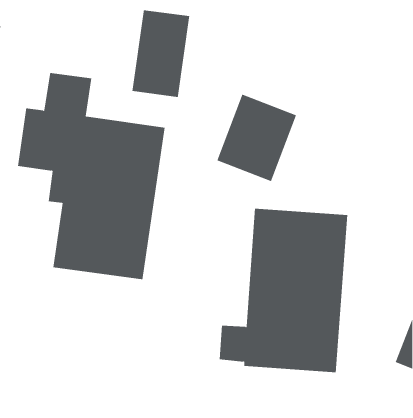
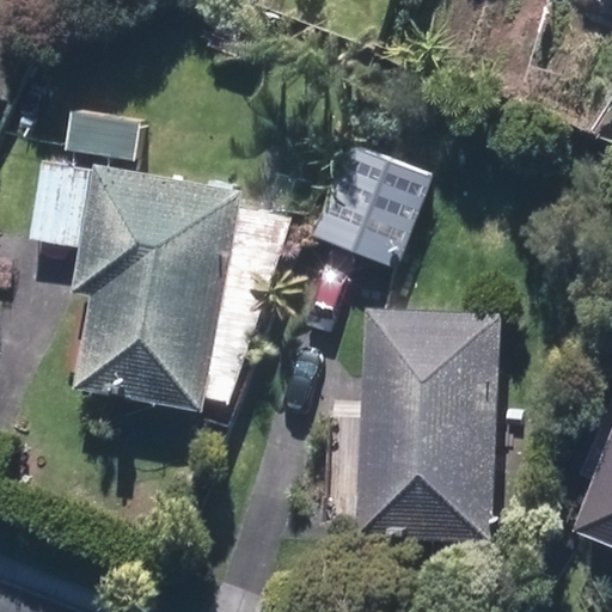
building: [132,9,190,98] -> none

